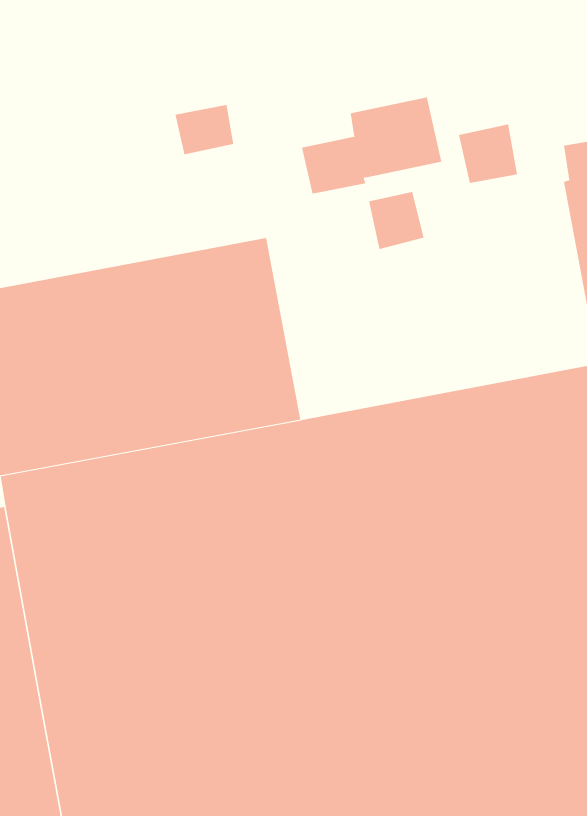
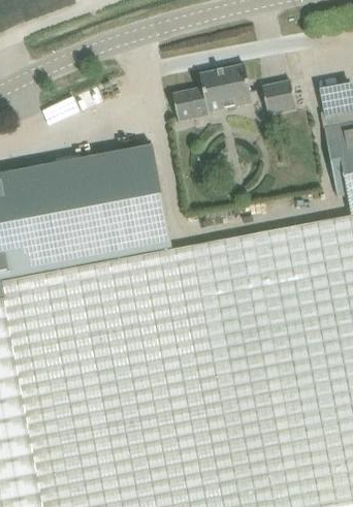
building: [175,104,234,155] -> none
building: [368,191,424,250] -> none

